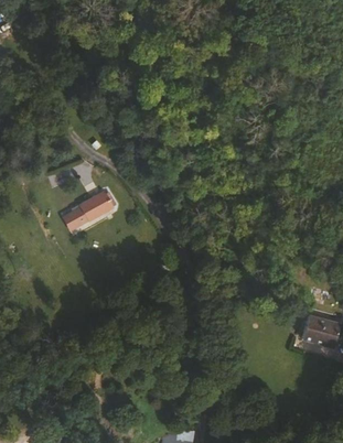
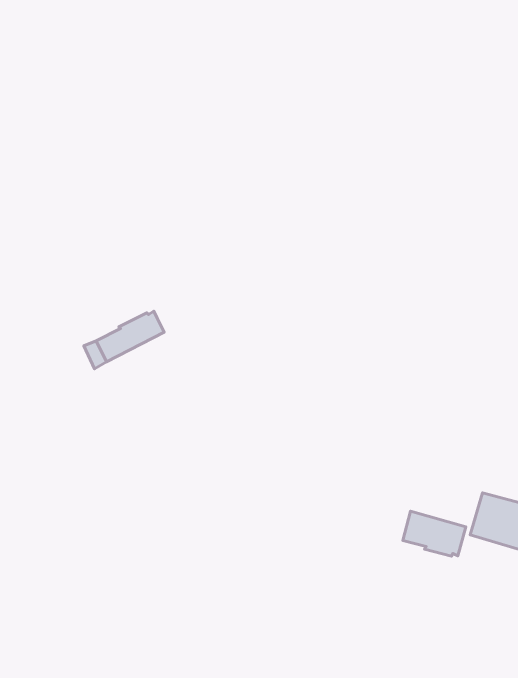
building: none -> [403,511,466,556]

